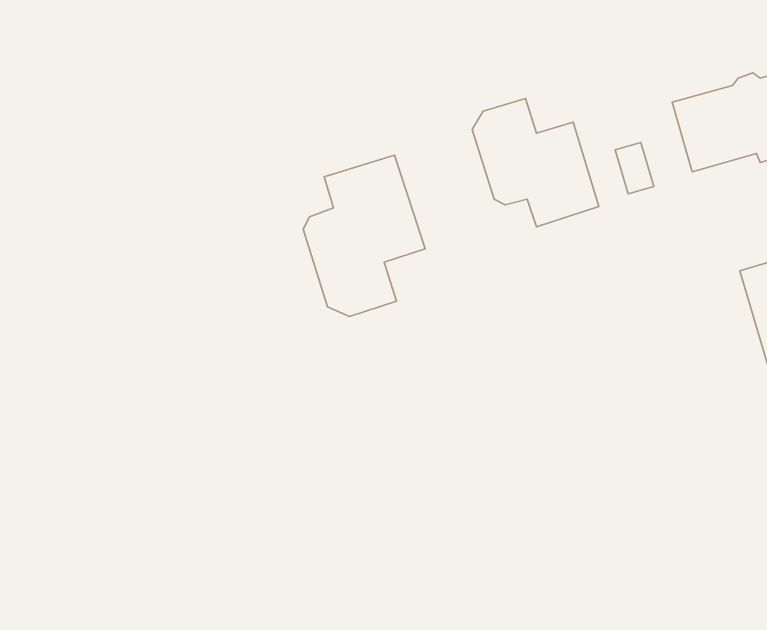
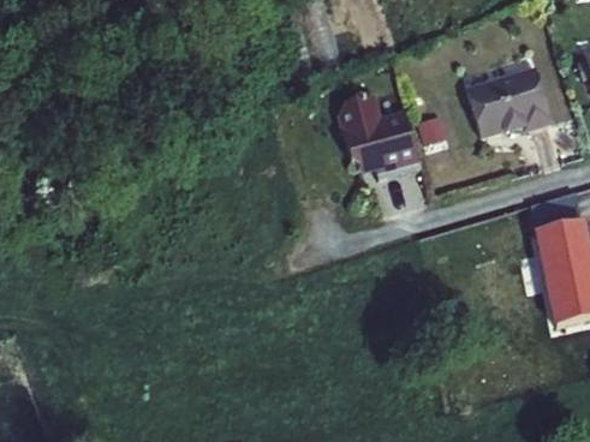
building: [303,155,425,317] -> none

